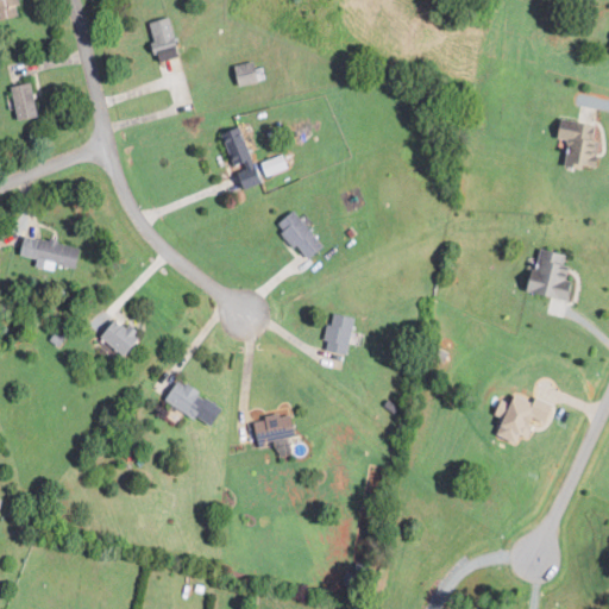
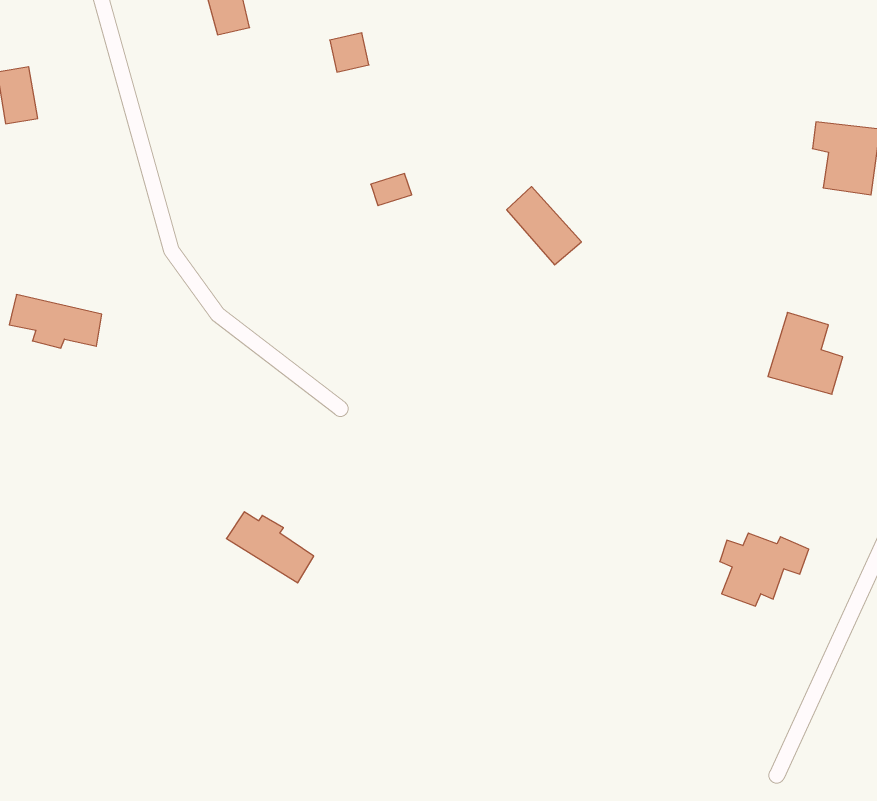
building: [220,126,263,190] -> none
building: [275,209,325,262] -> [507,187,581,265]
building: [324,313,356,356] -> none
building: [99,318,139,356] -> none
building: [252,414,296,442] -> none

